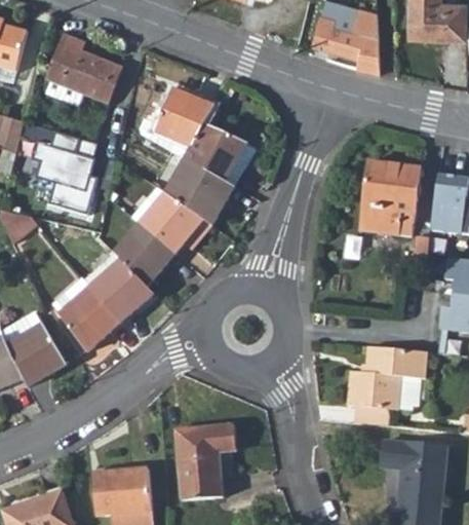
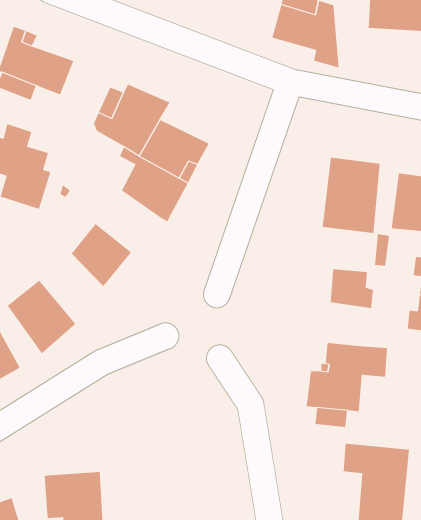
building: [131,185,204,254] -> none
building: [86,255,155,324] -> none
building: none -> [330,268,373,309]
building: [173,423,235,500] -> none

